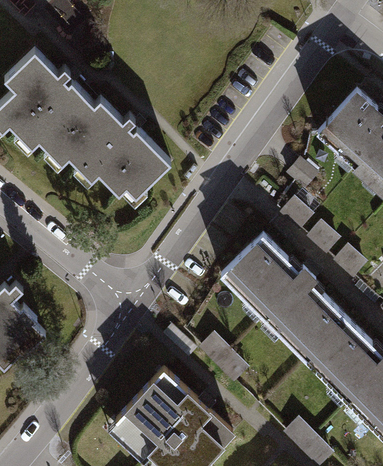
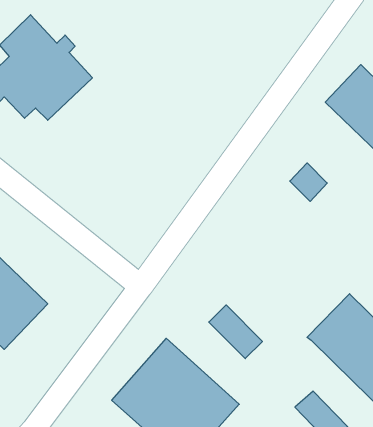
building: [48,98,171,197] -> none
building: [218,236,346,363] -> none

